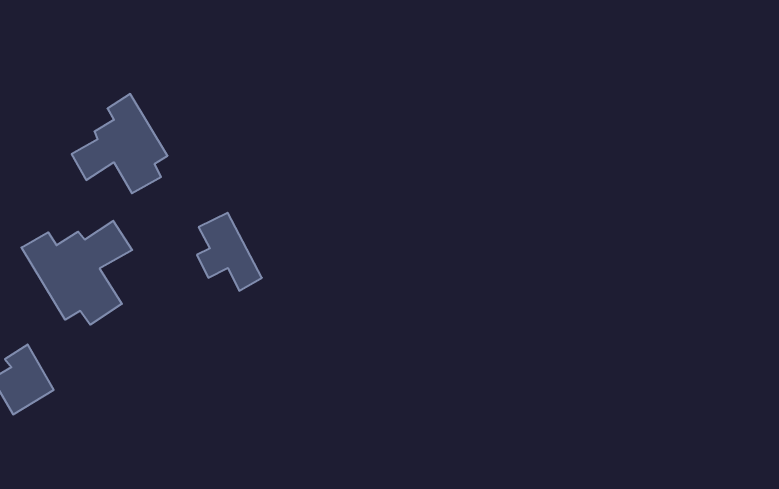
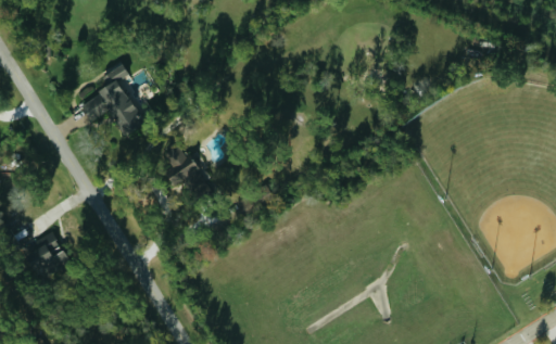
building: [21,221,132,325] -> none

